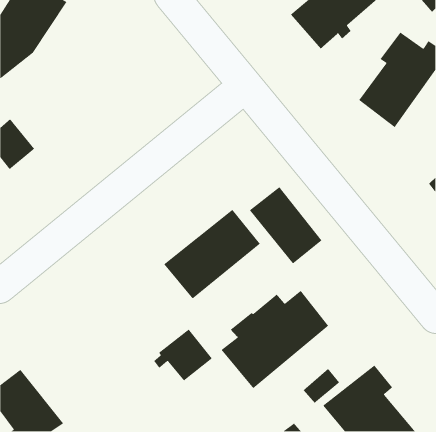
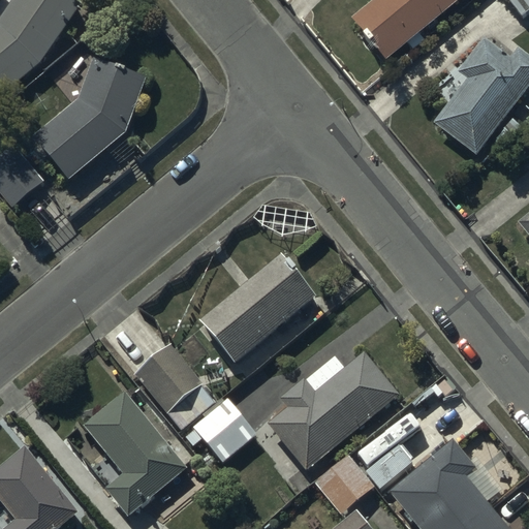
building: none -> [32,56,145,180]
building: [249,186,323,265] -> none
building: none -> [133,345,213,429]
building: none -> [85,391,188,517]
building: none -> [315,454,374,512]

